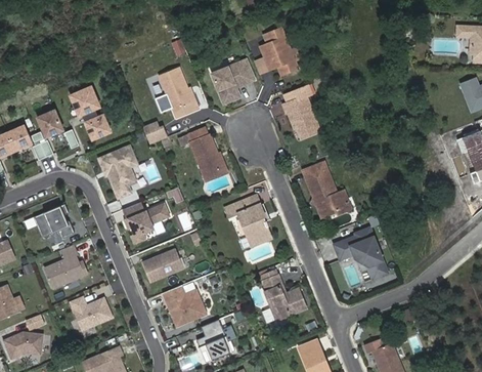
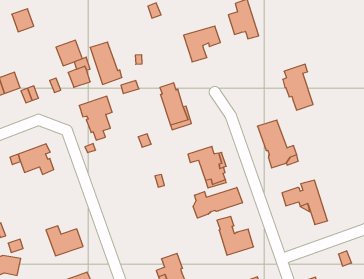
building: [161,69,199,117] -> [90,42,122,84]
building: [284,87,320,139] -> [283,64,313,110]
building: [38,110,63,136] -> [12,9,34,32]
building: [123,202,170,244] -> none
building: none -> [193,187,242,218]
building: [45,245,88,289] -> none
building: [142,249,183,282] -> none
building: [163,286,206,326] -> none

